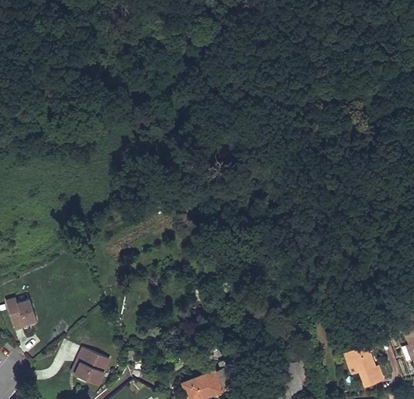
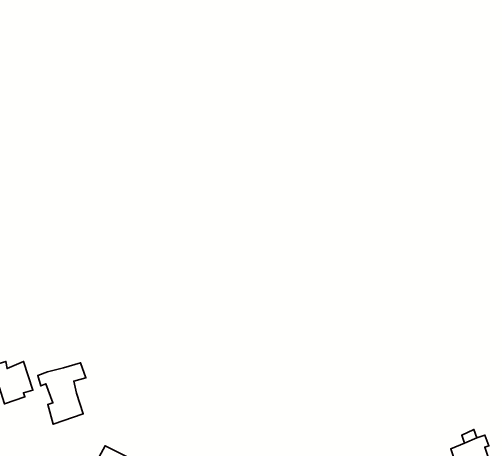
building: none -> [38,363,86,424]

